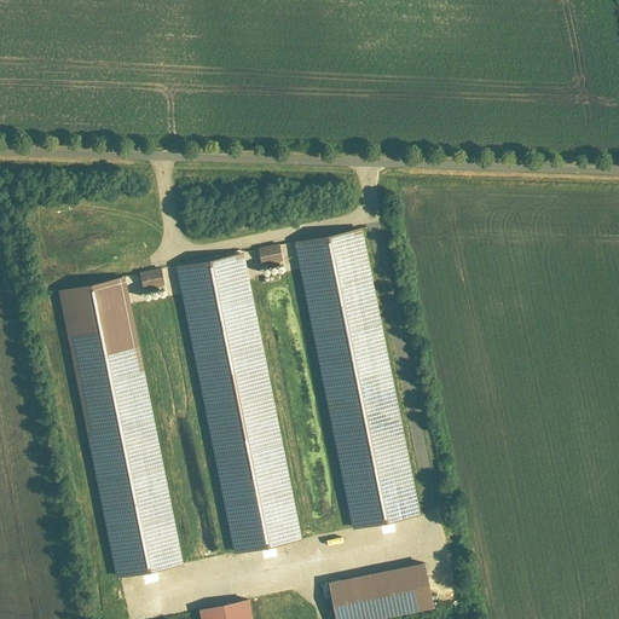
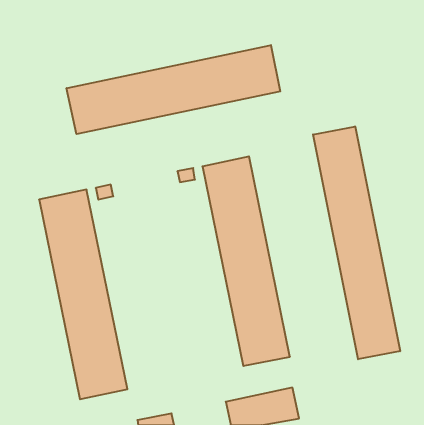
building: none -> [67,45,280,134]
building: none -> [313,126,400,359]
building: [177,251,301,555] -> none

